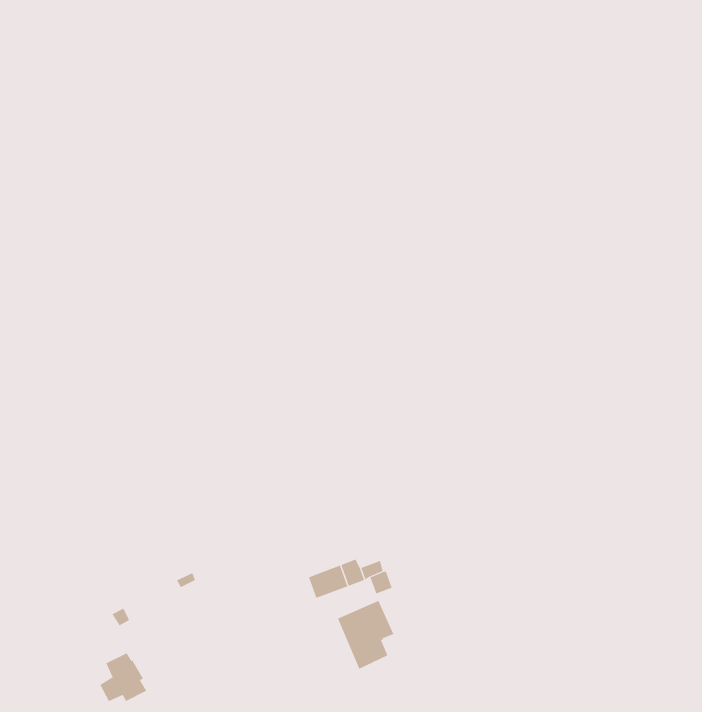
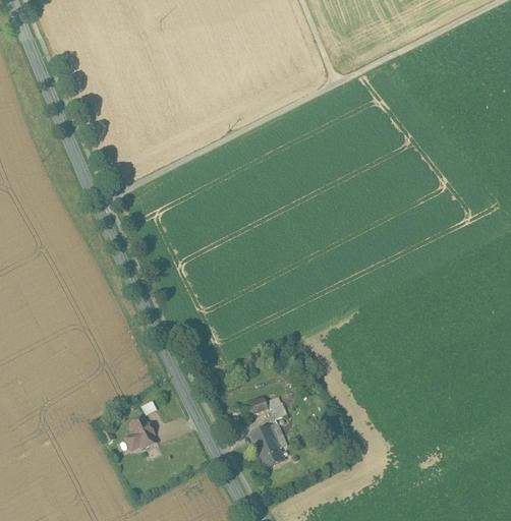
building: [99,653,147,702] -> [125,416,157,449]

